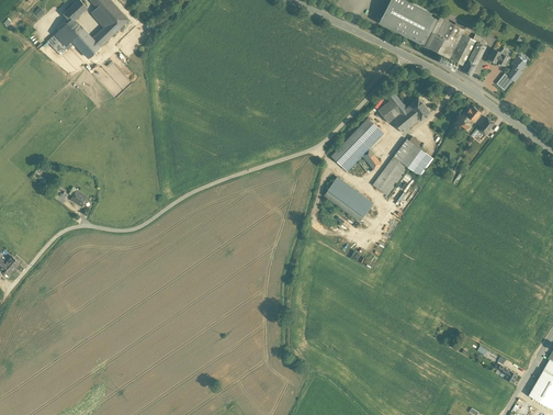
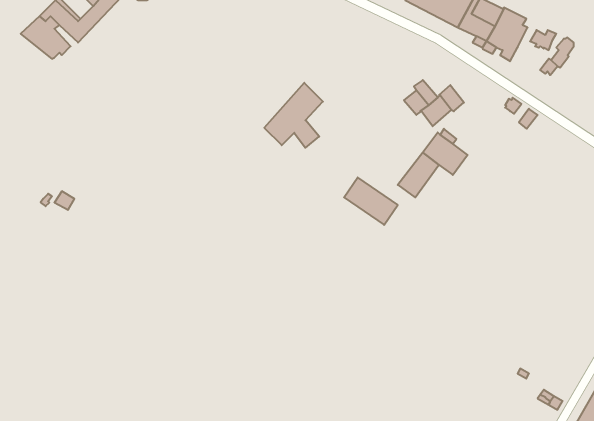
building: [331,116,383,173] -> [264,83,323,148]

